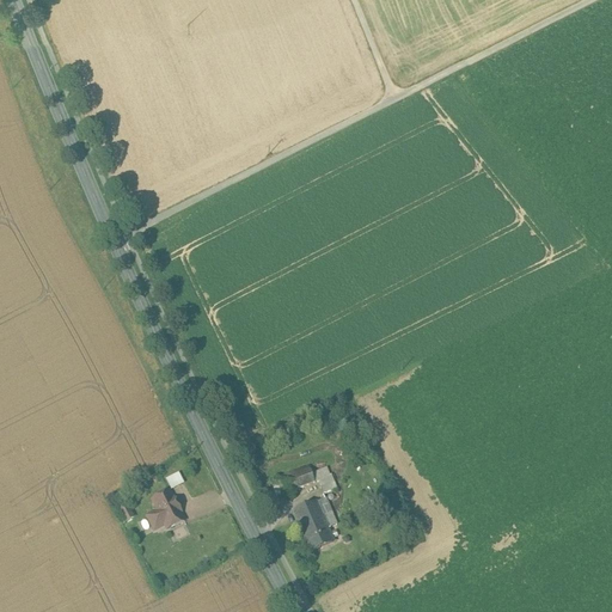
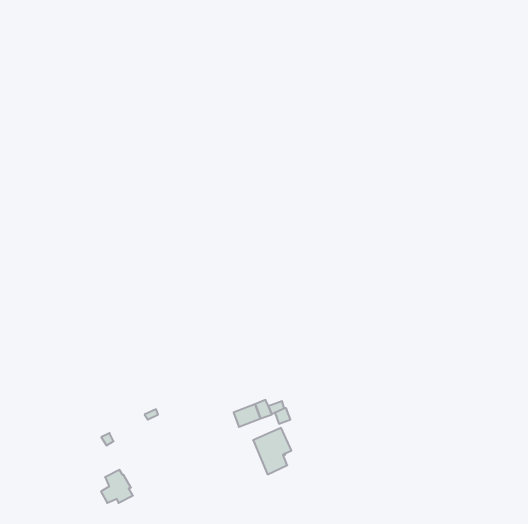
building: [147,489,184,527] -> [101,470,133,503]

